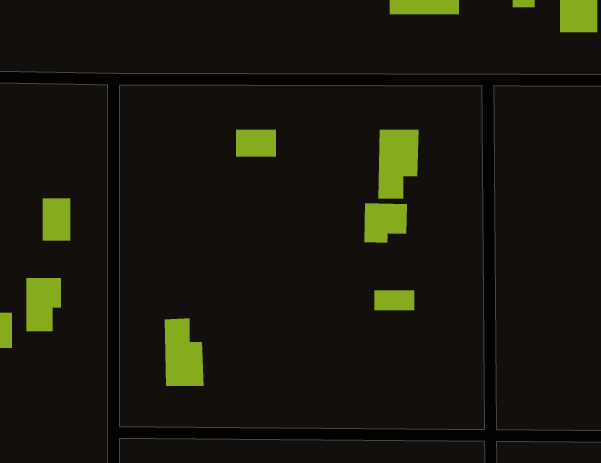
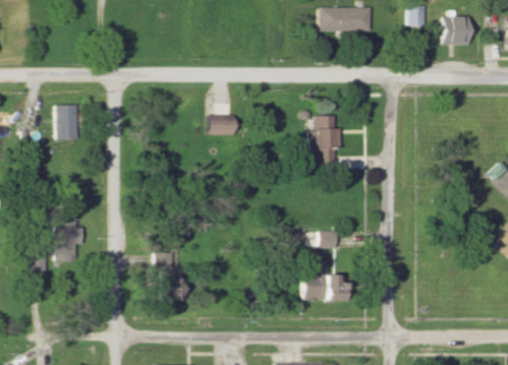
building: [42,198,71,241] -> [56,105,77,136]
building: [364,203,407,243] -> none
building: none -> [306,260,351,302]

